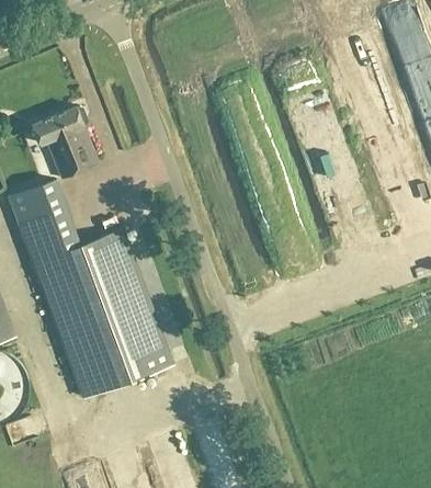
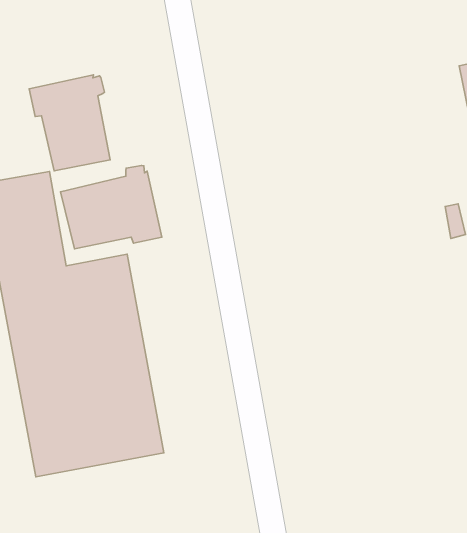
building: none -> [61,165,162,249]

